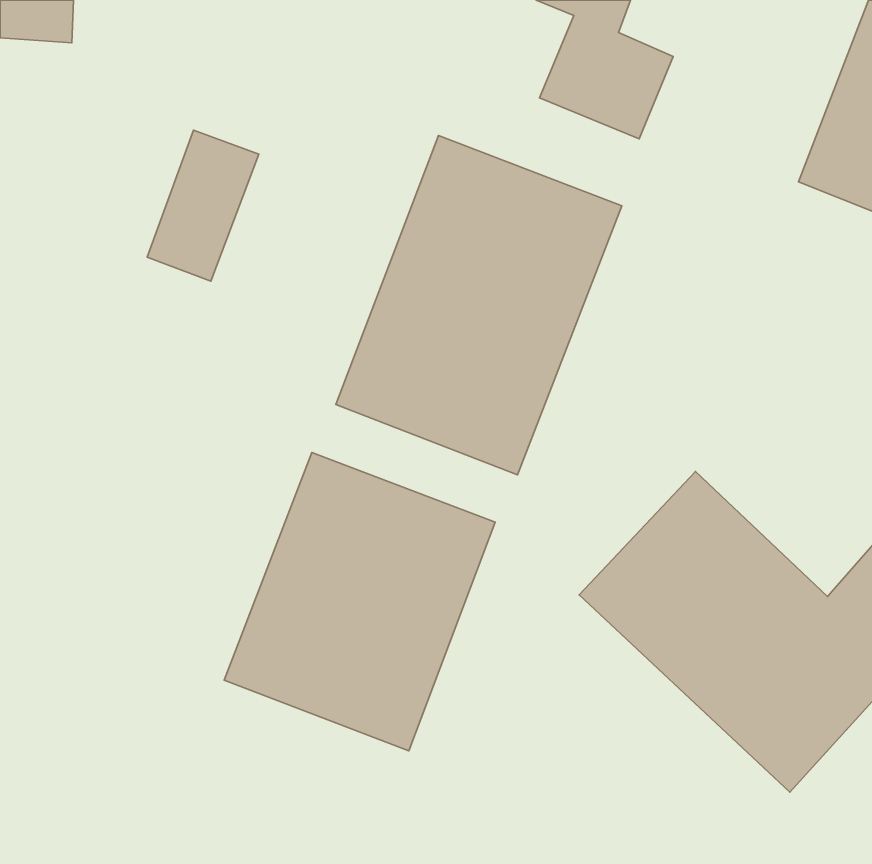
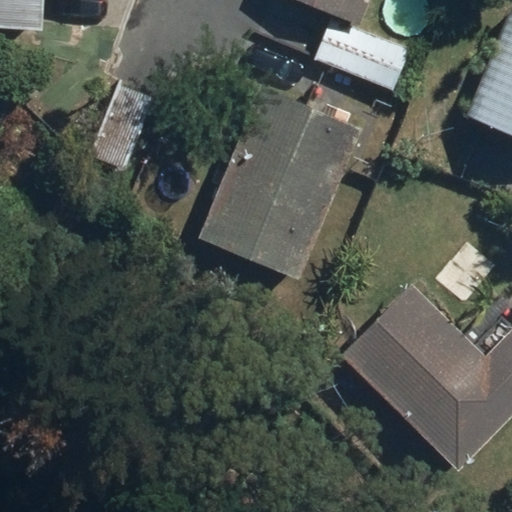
building: [224,452,495,751] -> none

